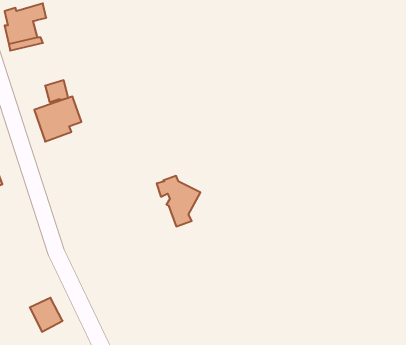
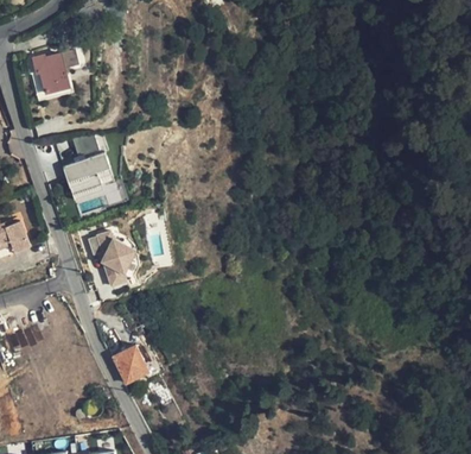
building: [157,176,200,226] -> [91,229,139,284]
building: [30,298,63,332] -> [113,345,148,382]

